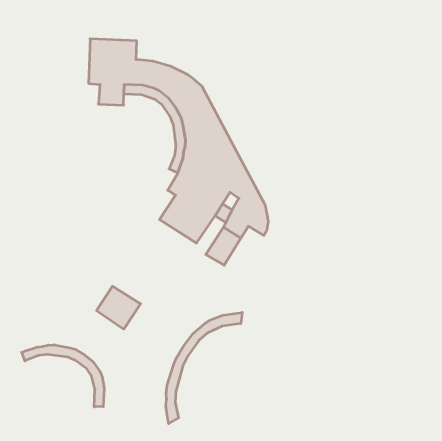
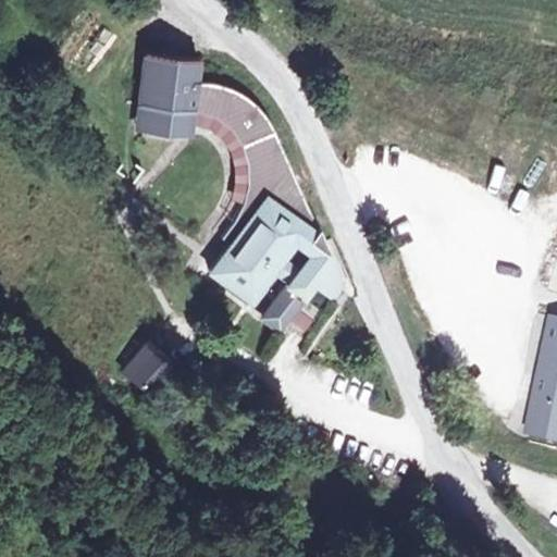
building: [166,312,242,424] -> none
building: [22,345,104,407] -> none

